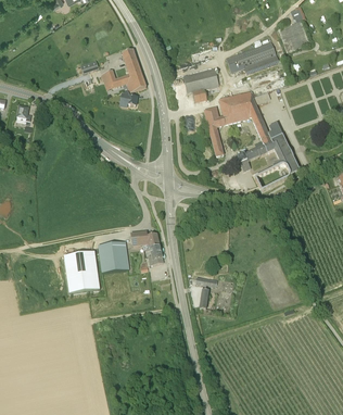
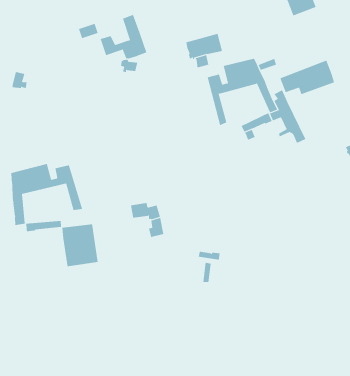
building: [226,41,279,75] -> [279,60,335,95]
building: none -> [11,163,83,232]
building: [98,241,129,273] -> none

